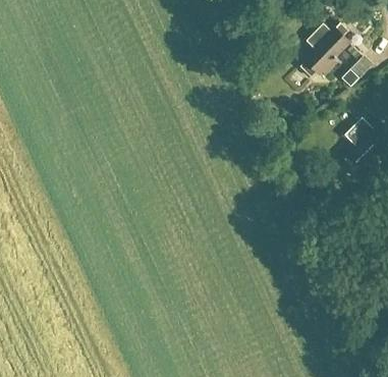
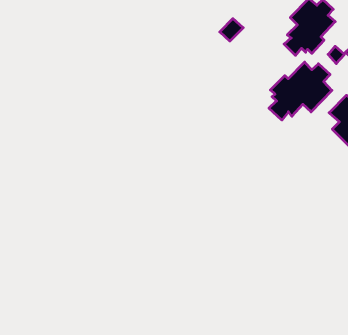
building: none -> [269,62,332,120]

